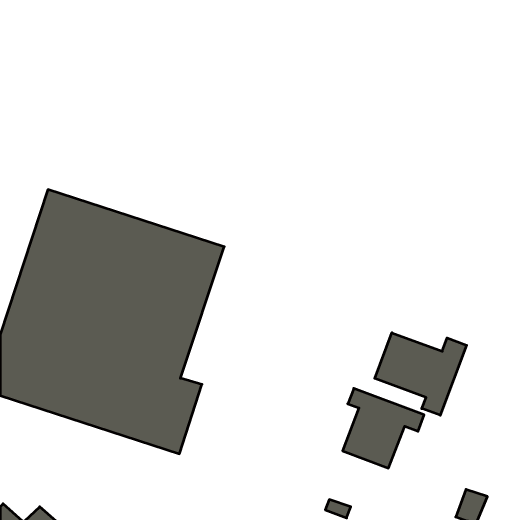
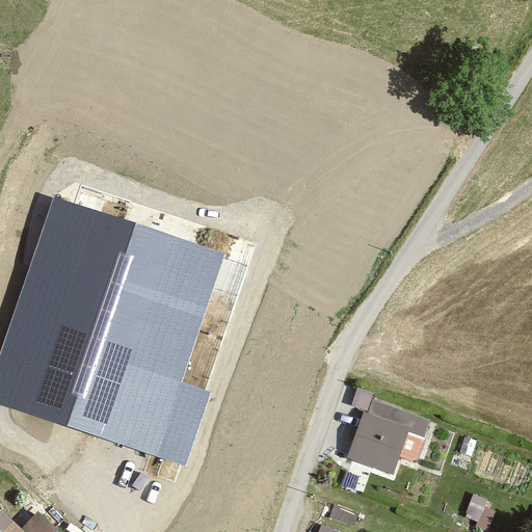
building: [375,333,467,415] -> none

